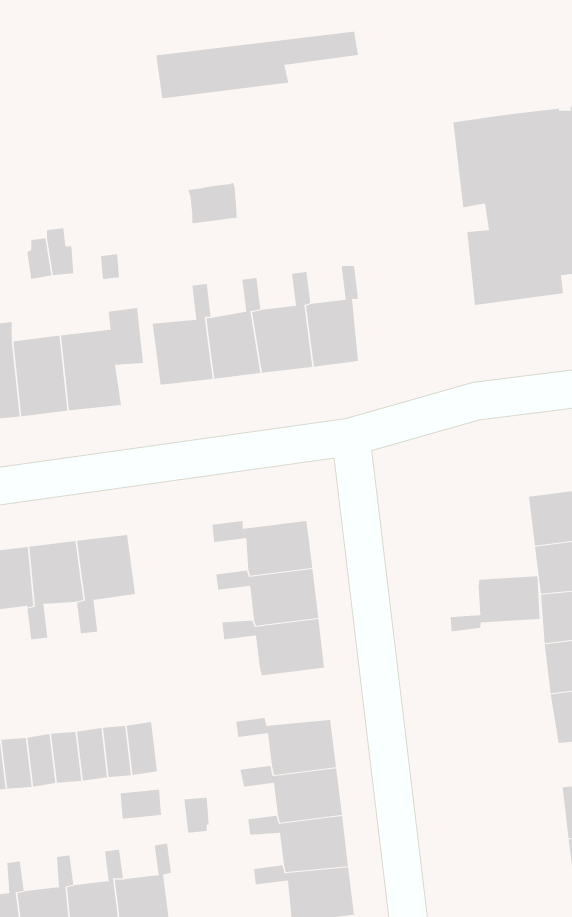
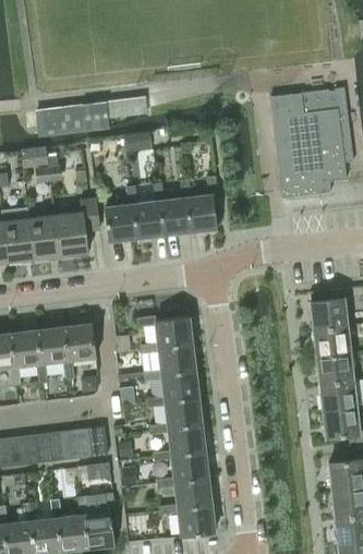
building: [156,31,359,99] -> [36,99,147,136]
building: [450,576,540,632] -> none
building: none -> [147,397,203,429]

